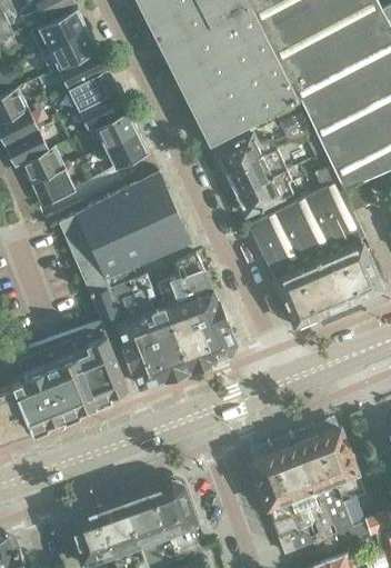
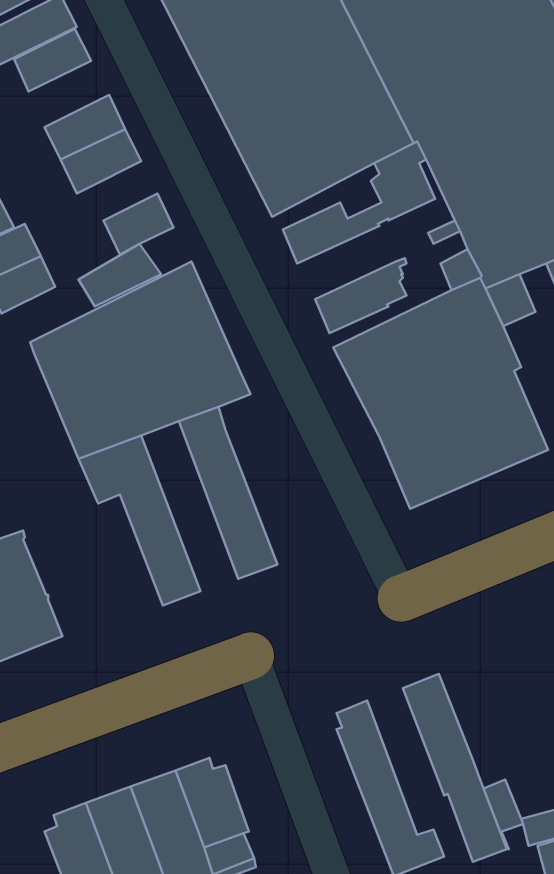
building: [58,48,109,90] -> none
building: [96,111,139,148] -> none
building: [225,151,287,197] -> none
building: [177,256,234,361] -> none
building: [129,272,189,378] -> none
building: [56,323,128,406] -> none
building: [313,421,355,482] -> none
building: [269,438,331,542] -> none

